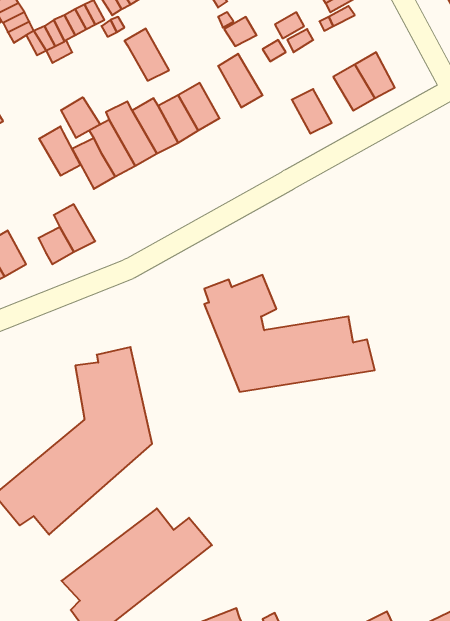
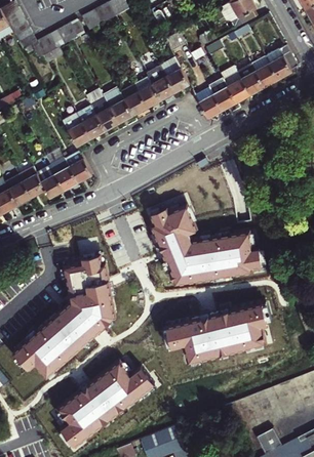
building: [124,29,169,81] -> [144,65,173,99]
building: none -> [264,44,296,79]
building: none -> [219,66,248,102]
building: [61,97,100,138] -> none
building: none -> [193,87,220,118]
building: [39,126,81,176] -> [62,149,89,181]
building: none -> [17,167,43,197]
building: none -> [163,301,267,361]

